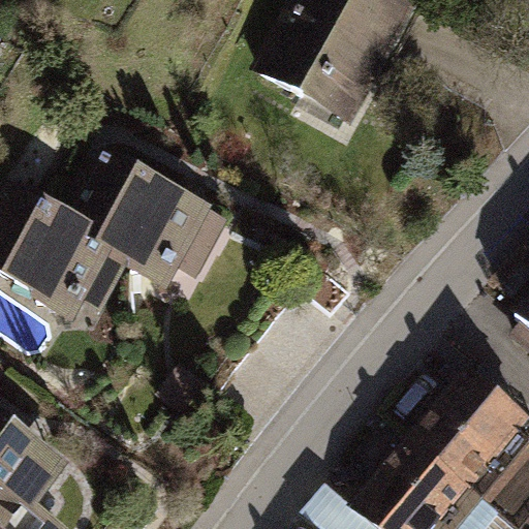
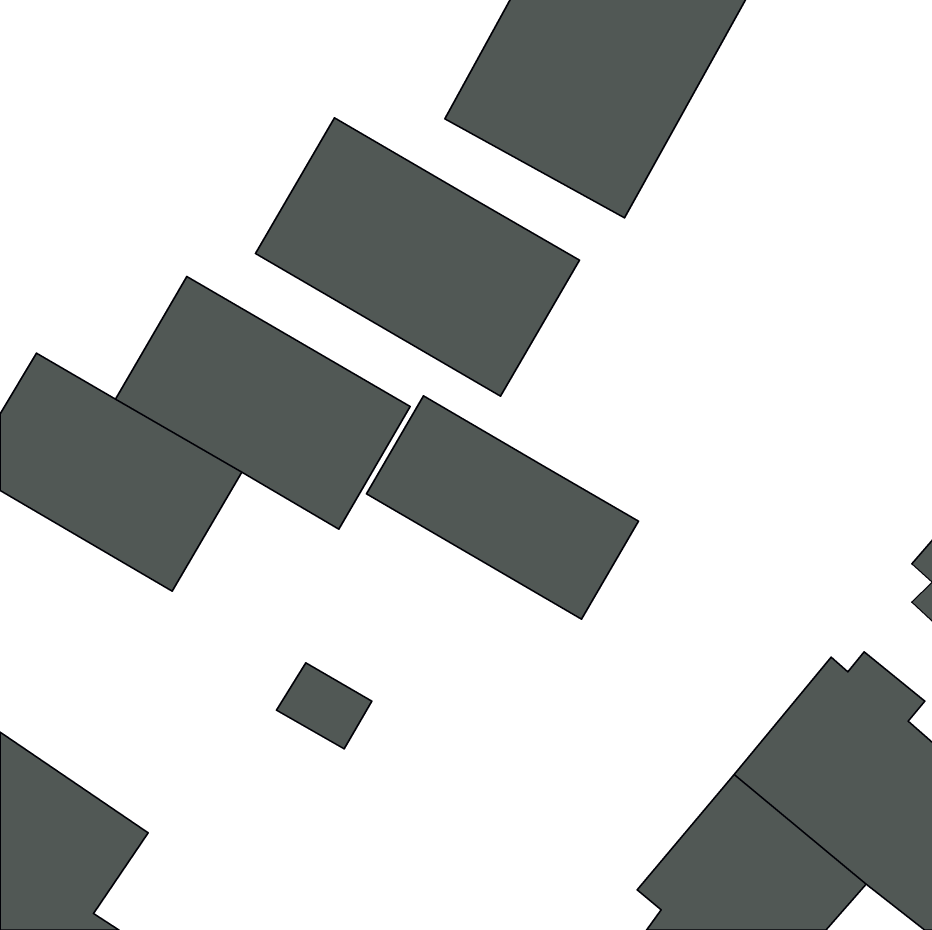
building: none -> [256,118,579,396]
building: none -> [366,396,639,619]

